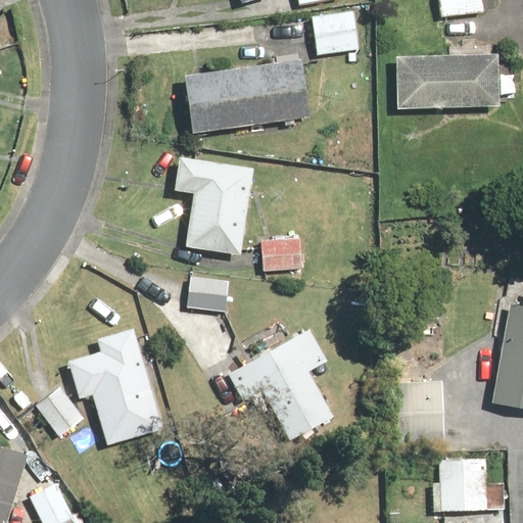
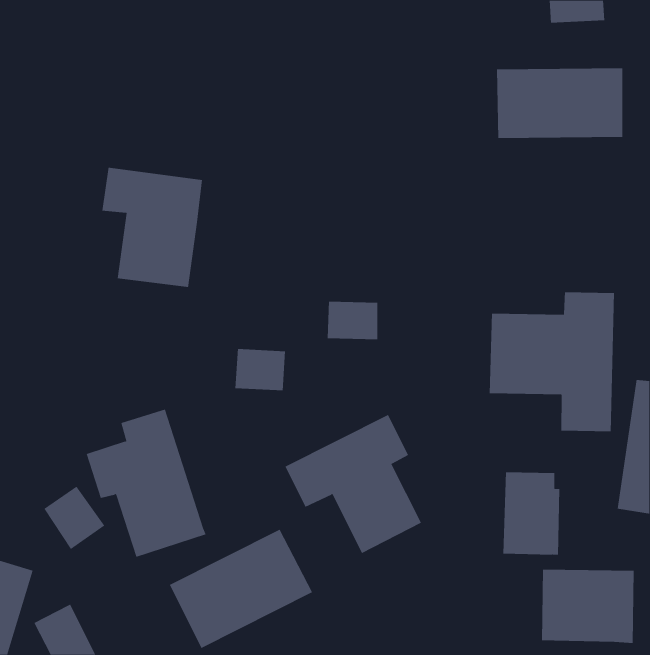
building: [311,12,359,53] -> none
building: [181,51,312,135] -> none
building: [173,156,253,252] -> [102,167,203,288]
building: none -> [489,291,615,432]
building: none -> [169,529,313,649]

